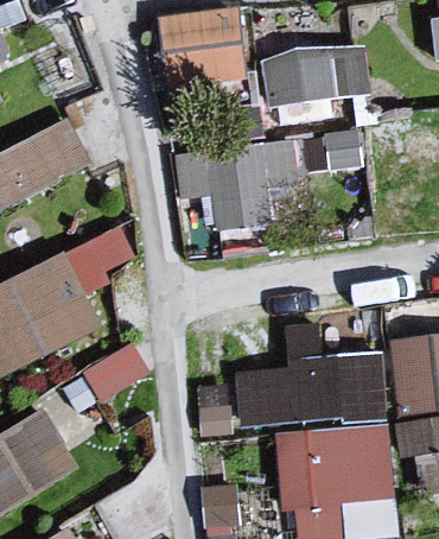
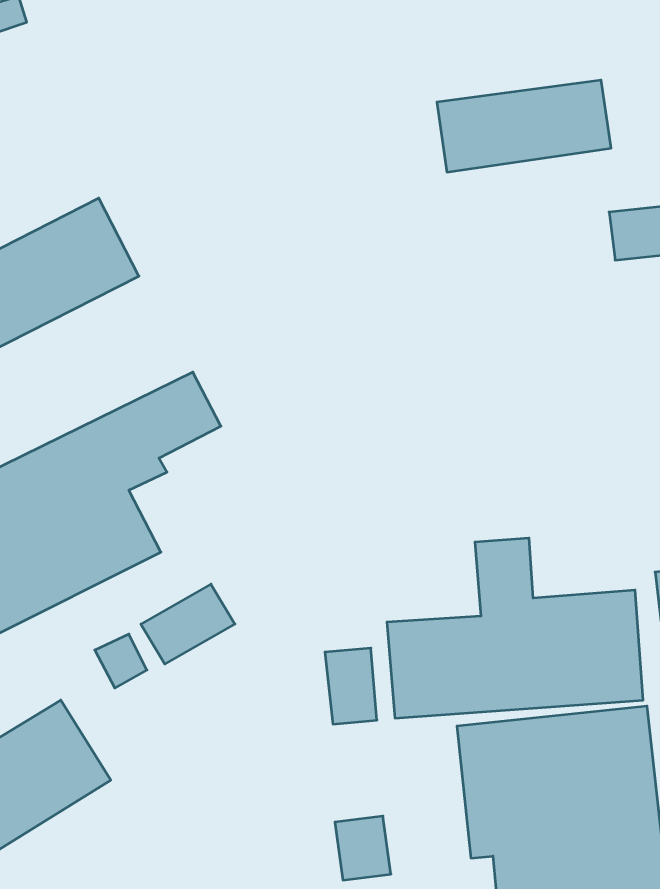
building: [163,12,243,84] -> none
building: [174,133,357,230] -> none

